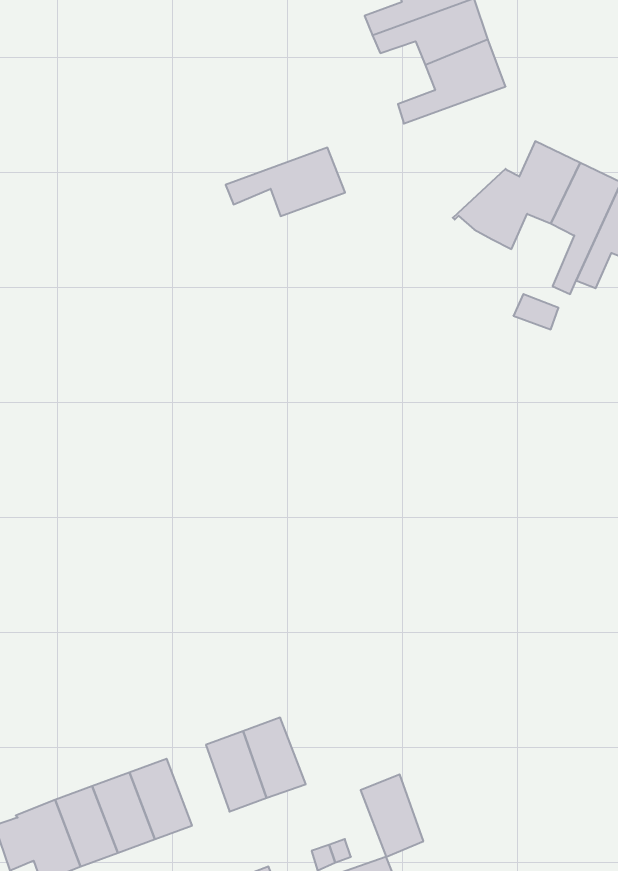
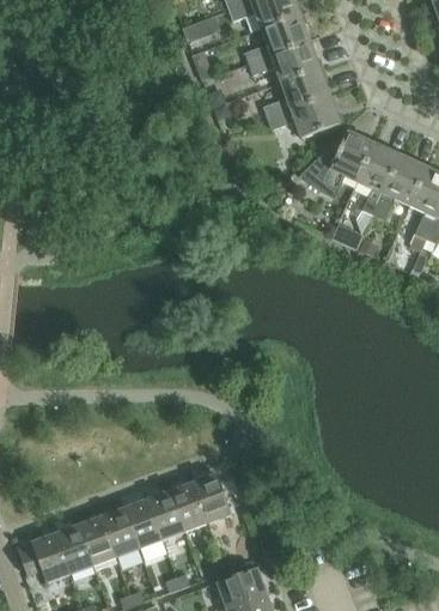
building: [226,148,345,216] -> [268,96,341,138]
building: none -> [123,498,161,548]
building: [361,774,423,857] -> [193,472,231,522]

